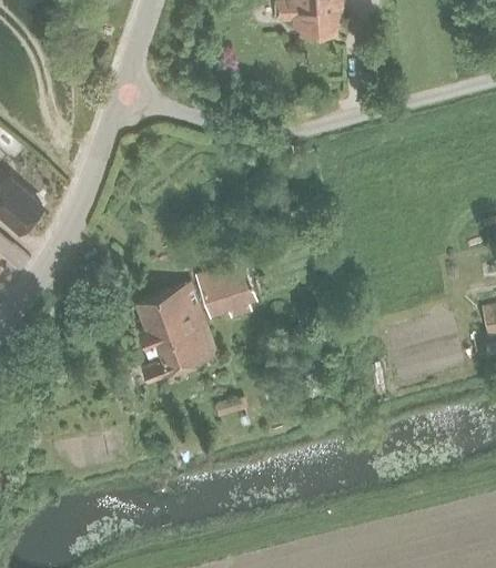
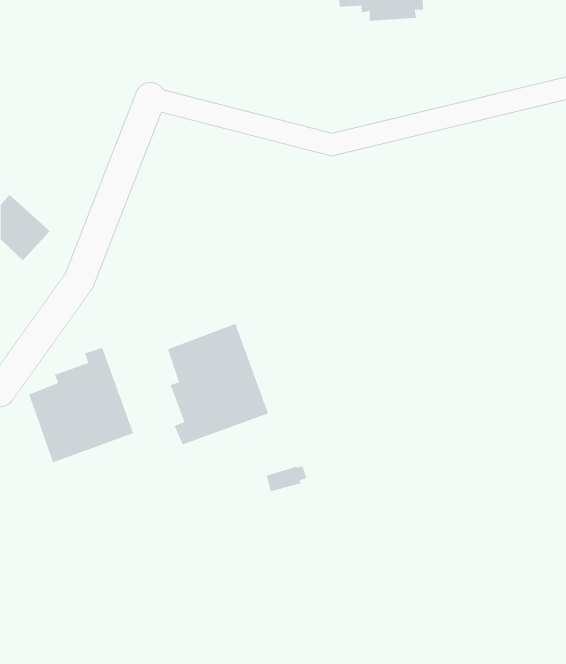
building: [195,263,256,322] -> none
building: none -> [29,347,134,463]

